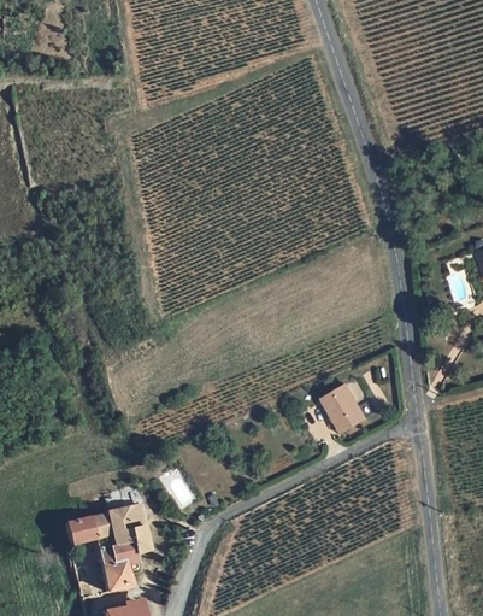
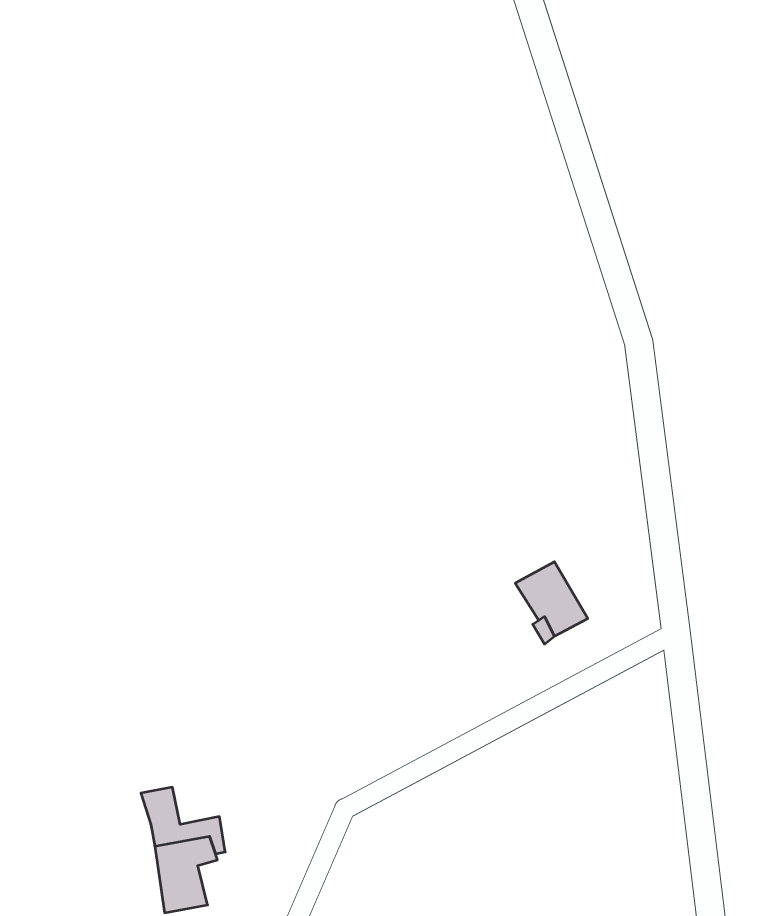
building: [108,508,149,553] -> none
building: [63,517,95,542] -> none

